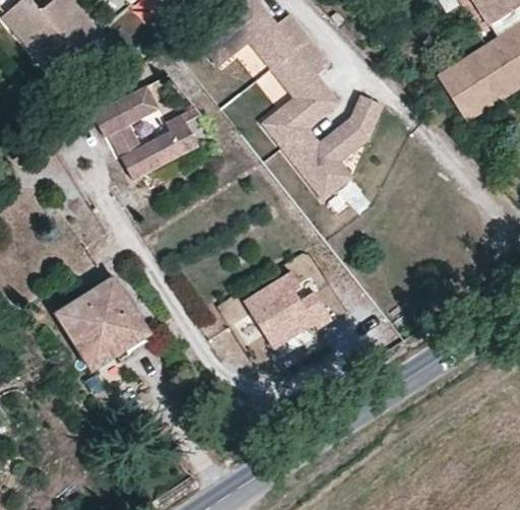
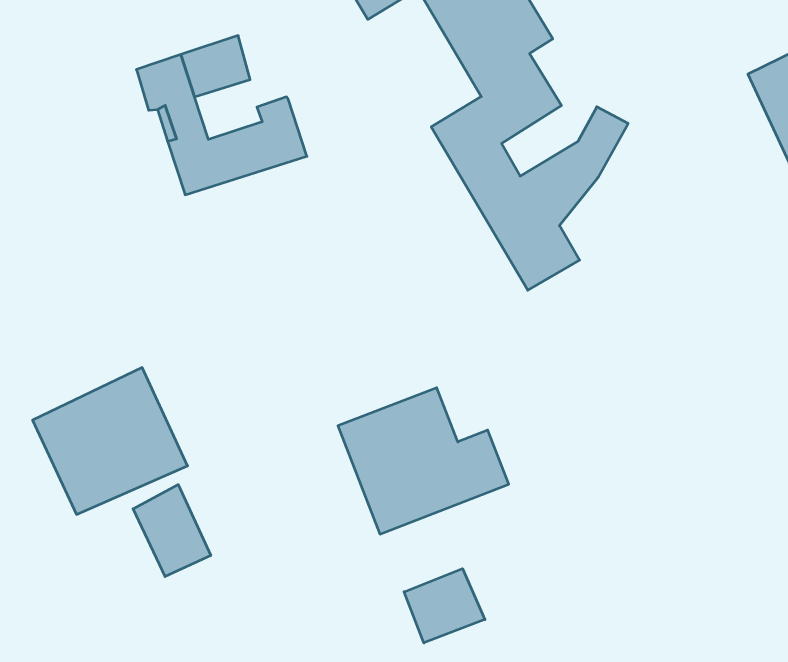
building: none -> [133,485,211,577]
building: none -> [404,569,485,643]

